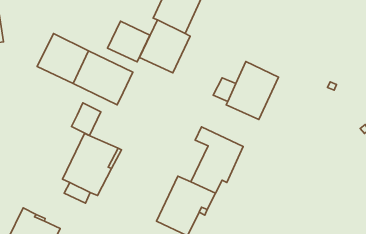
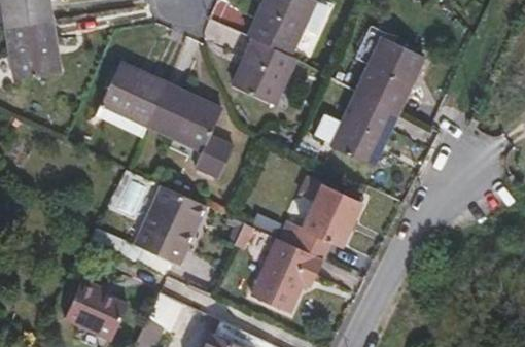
building: none -> [362,40,429,114]
building: [107,21,150,62] -> none
building: [72,103,101,136] -> [194,134,231,175]

